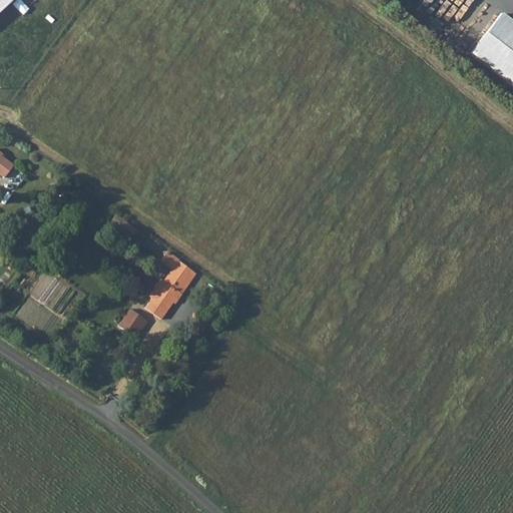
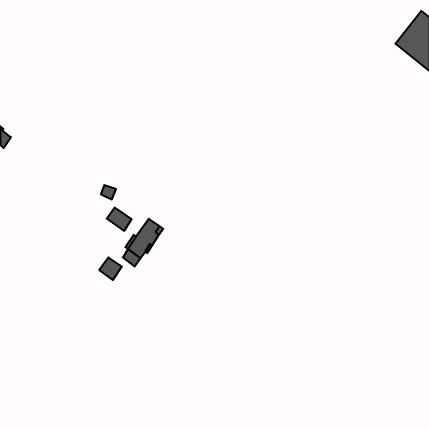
building: none -> [107,208,131,231]

